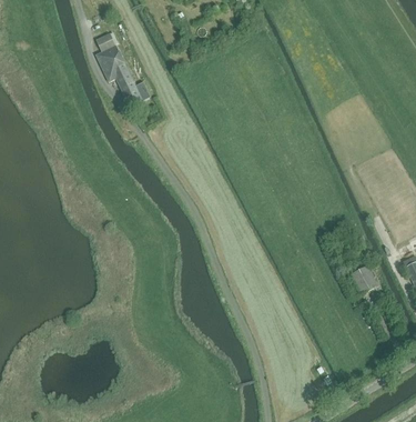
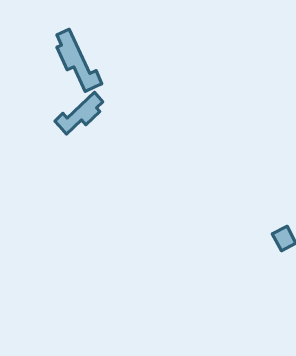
building: none -> [55,92,103,134]

